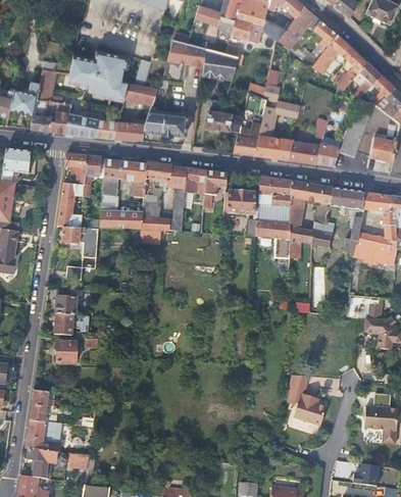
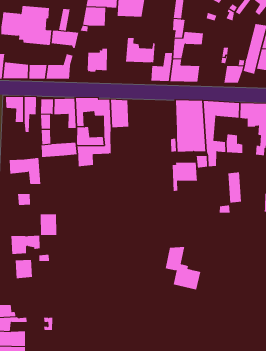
building: [143,108,164,133] -> none
building: [287,141,320,163] -> none
building: [202,171,227,211] -> none
building: [57,183,84,227] -> none
building: [222,191,253,223] -> [172,162,198,191]
building: [55,288,77,314] -> [40,214,57,236]
building: [285,371,325,424] -> [165,247,201,290]

